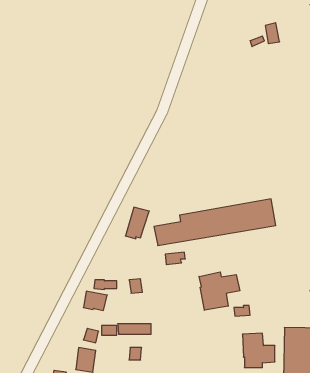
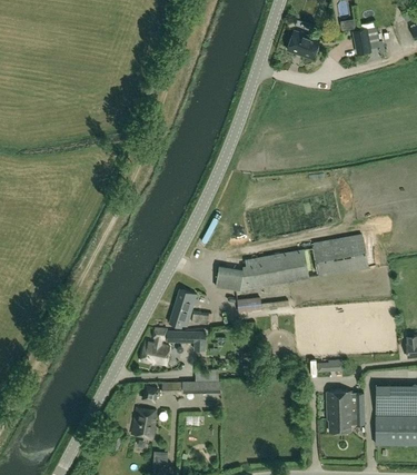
building: none -> [287,31,319,59]
building: [125,207,149,239] -> [169,290,197,327]
building: [199,272,240,310] -> none

